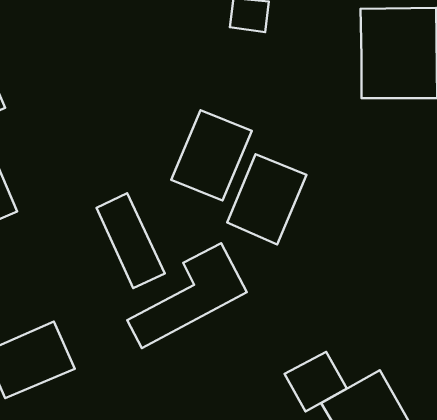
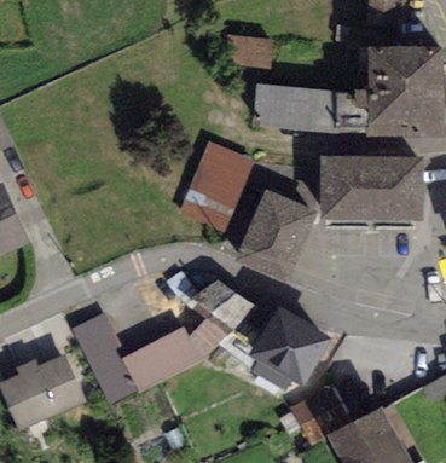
building: none -> [250,85,367,134]
building: none -> [322,154,422,218]
building: [96,193,165,288] -> [74,316,141,410]
building: none -> [249,303,330,381]

